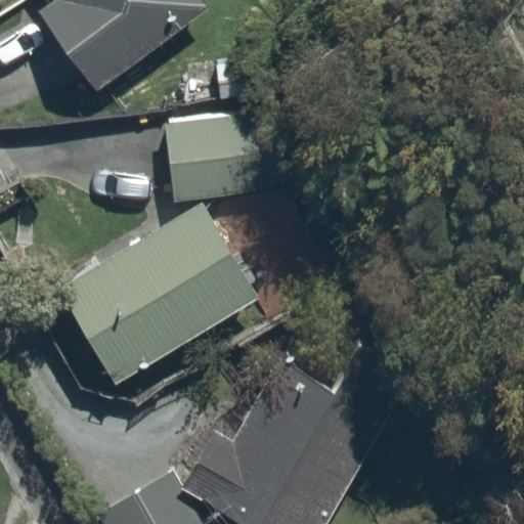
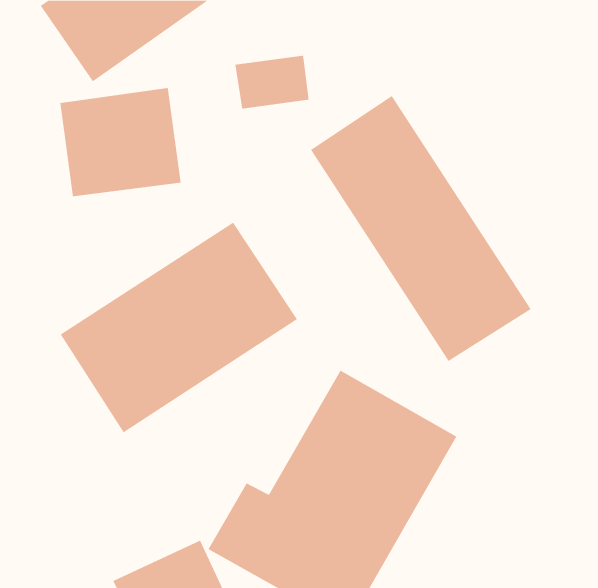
building: none -> [310,95,531,362]
building: [162,108,268,204] -> [59,88,181,197]

